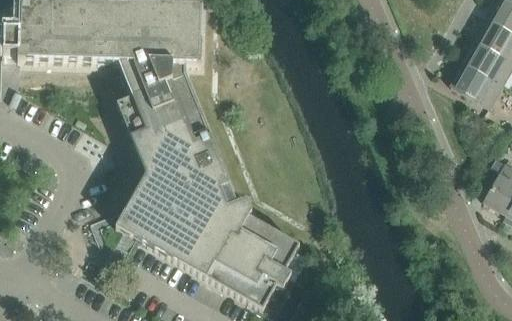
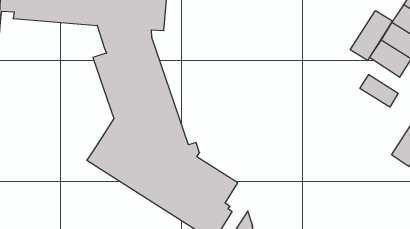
building: none -> [350,11,392,61]
building: none -> [360,74,398,107]

